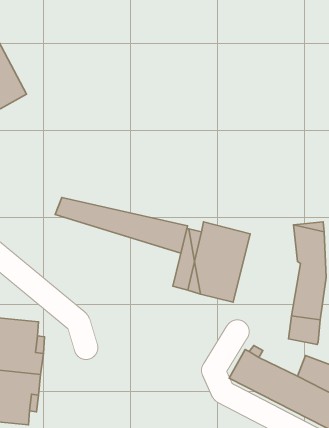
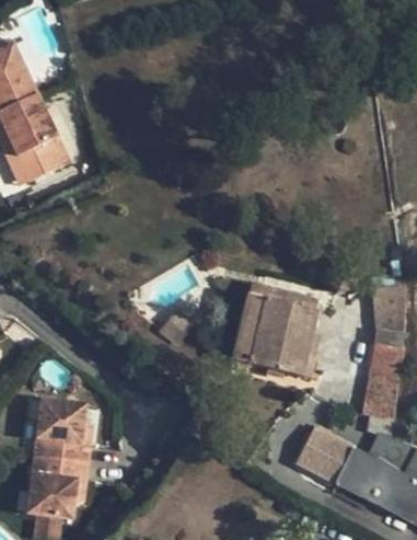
building: [55,197,187,253] -> none

